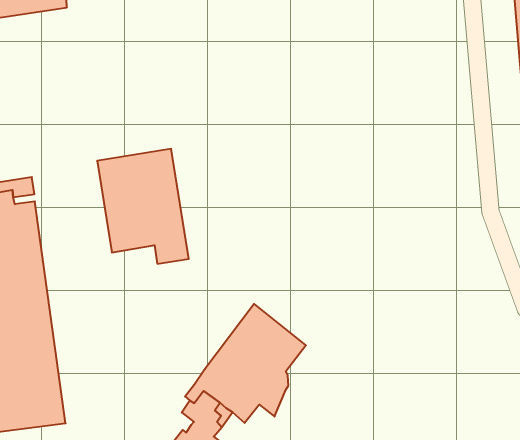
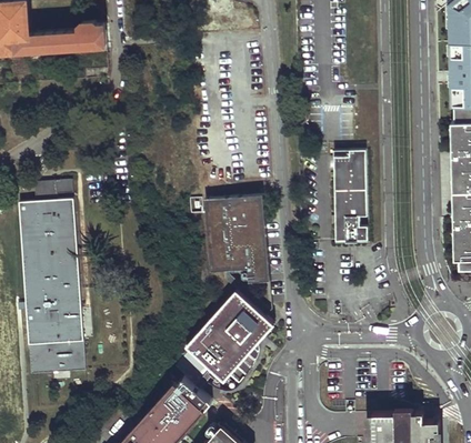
building: none -> [333,152,367,244]
building: [97,149,189,264] -> [202,190,268,278]

